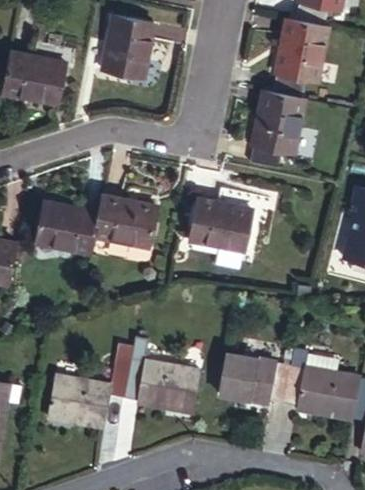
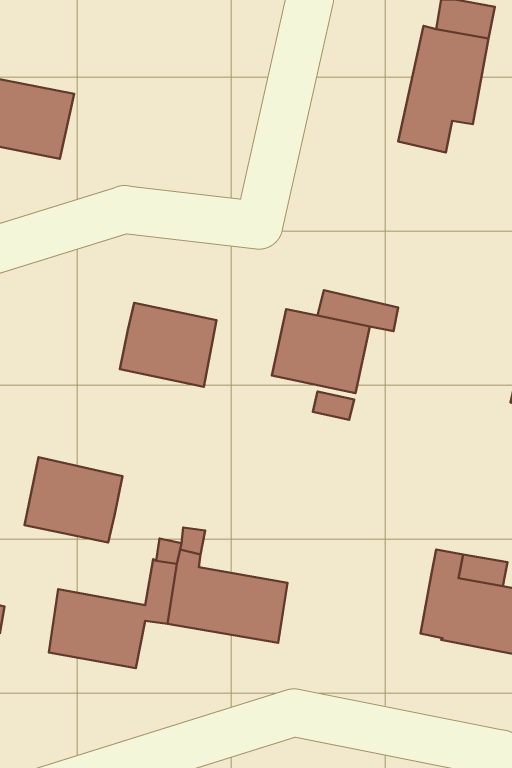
building: [102,17,153,78] -> none
building: [249,92,302,167] -> none
building: [37,200,99,254] -> [24,457,122,543]
building: [218,354,291,404] -> none

